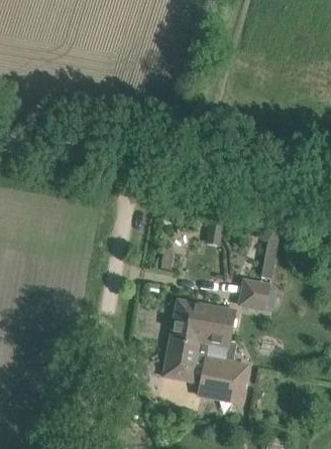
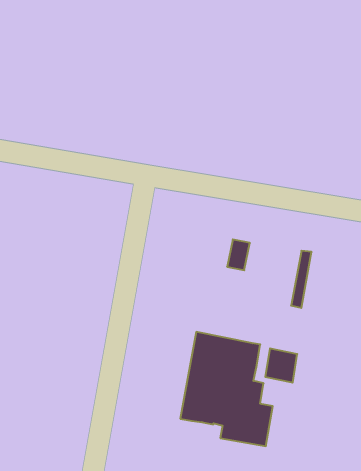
building: [240,280,268,310] -> [265,348,297,383]

